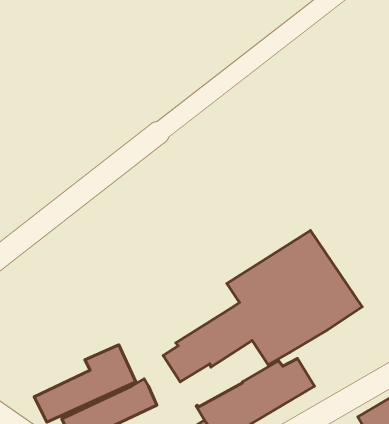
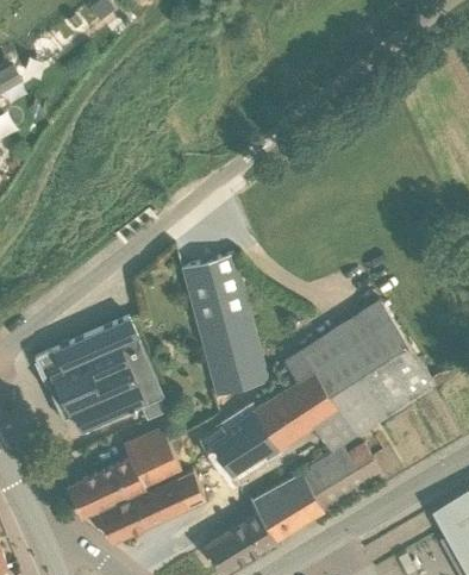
building: none -> [181,255,269,399]
building: none -> [51,319,164,433]

